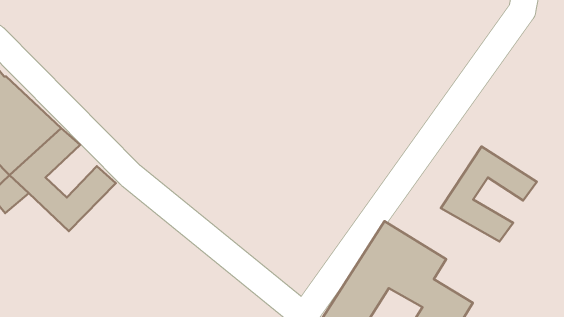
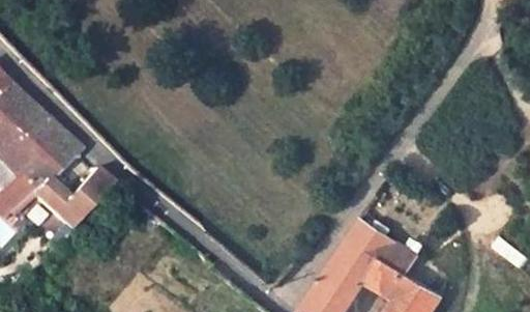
building: [441,147,537,242] -> none

